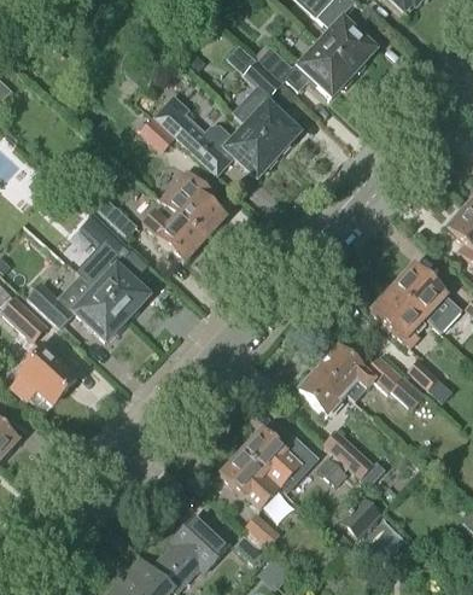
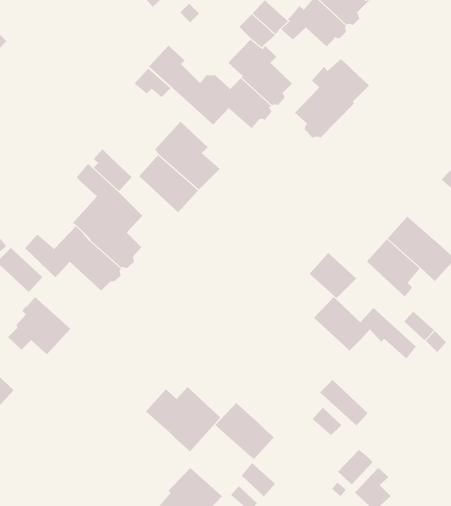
building: none -> [294,58,370,139]
building: [298,367,346,414] -> [309,252,357,299]
building: [240,426,316,492] -> [145,386,221,452]

